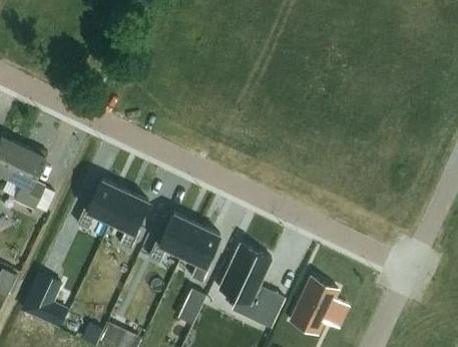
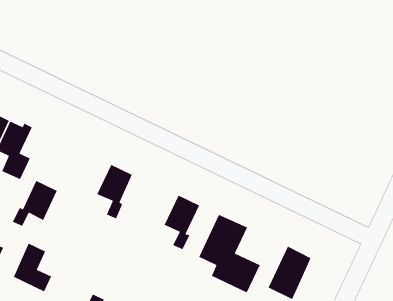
building: [79,182,127,231] -> [12,180,58,227]
building: [149,214,197,263] -> none
building: [176,289,204,325] -> none

